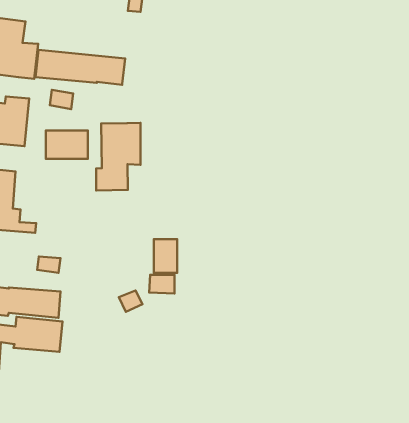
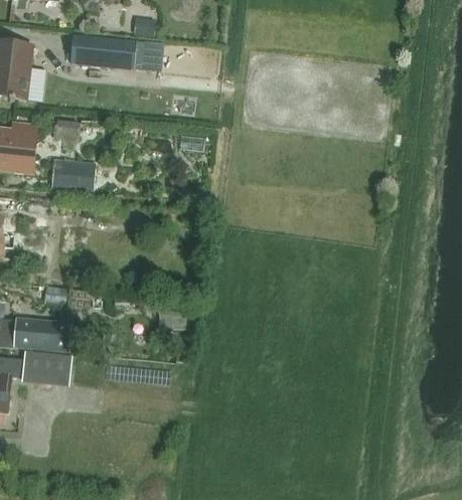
building: [35,50,125,85] -> [68,34,161,70]
building: [96,123,140,191] -> none
building: [154,239,177,273] -> none

